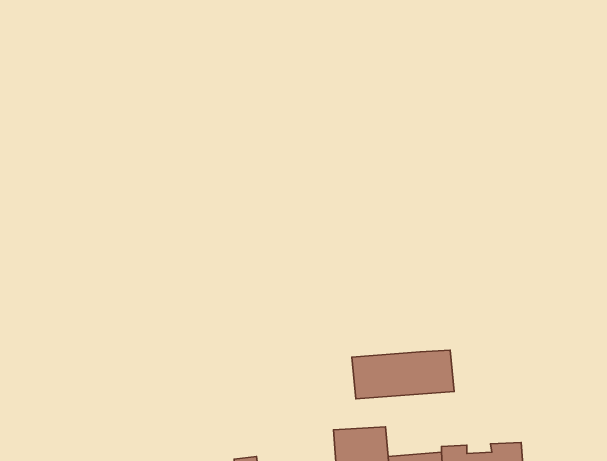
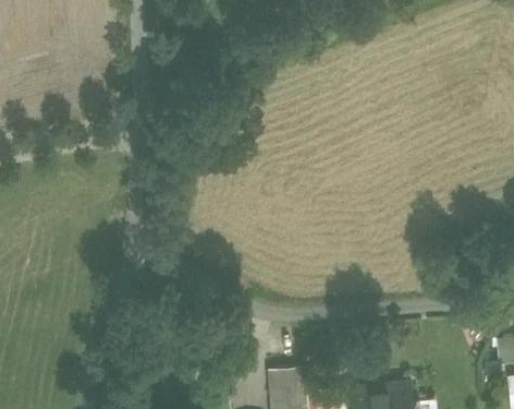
building: [352,350,454,399] -> none

